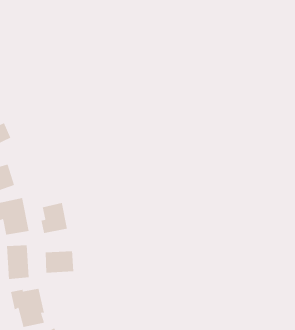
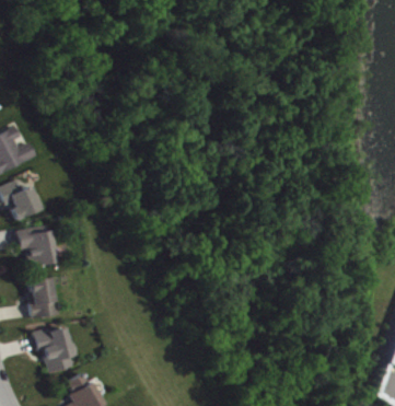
building: [41,202,68,234] -> none
building: [45,250,74,273] -> none

